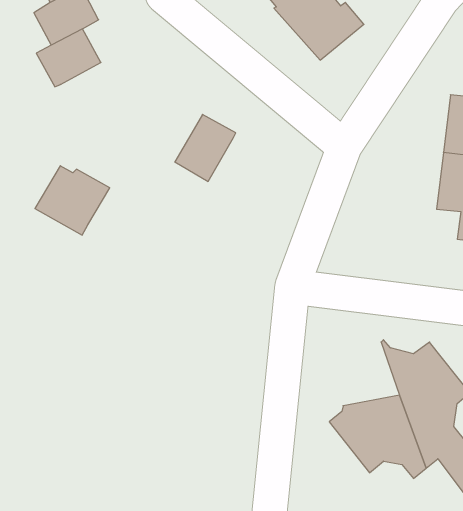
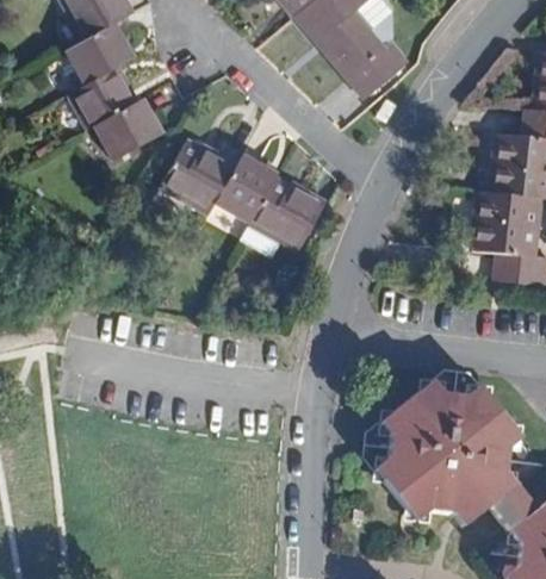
building: none -> [95,95,162,155]
building: none -> [248,176,323,249]
building: [35,166,110,235] -> [159,141,236,212]
building: none -> [378,387,446,453]

